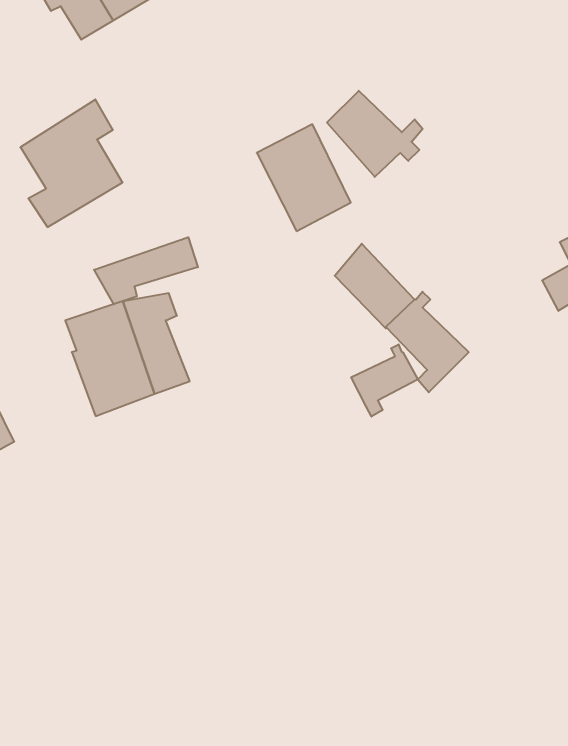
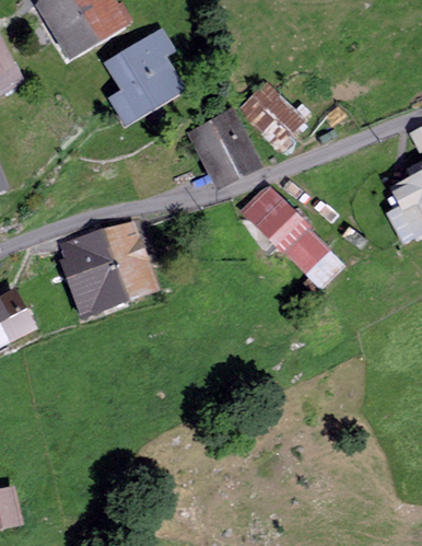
building: [20,99,123,227] -> [107,32,177,119]
building: [94,237,198,304] -> none
building: [351,344,418,417] -> none

